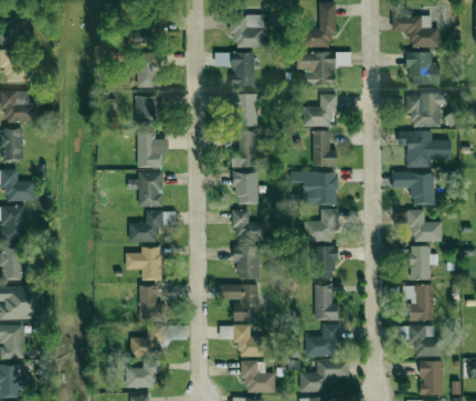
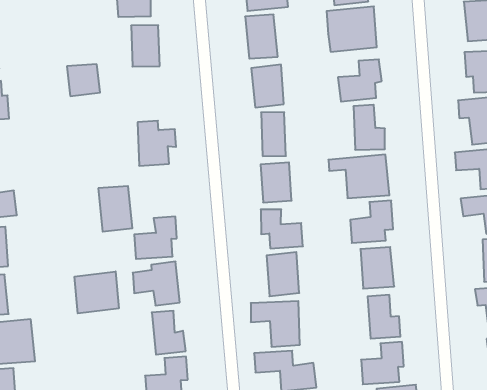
building: [135,96,160,120] -> [67,64,100,96]
building: [138,171,163,207] -> [98,186,132,232]
building: none -> [75,271,119,313]

